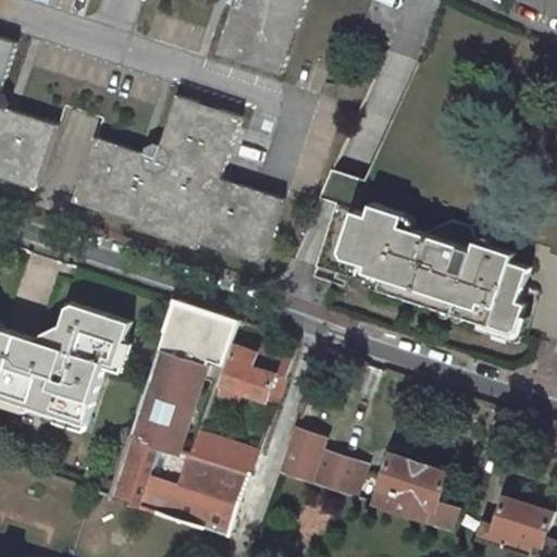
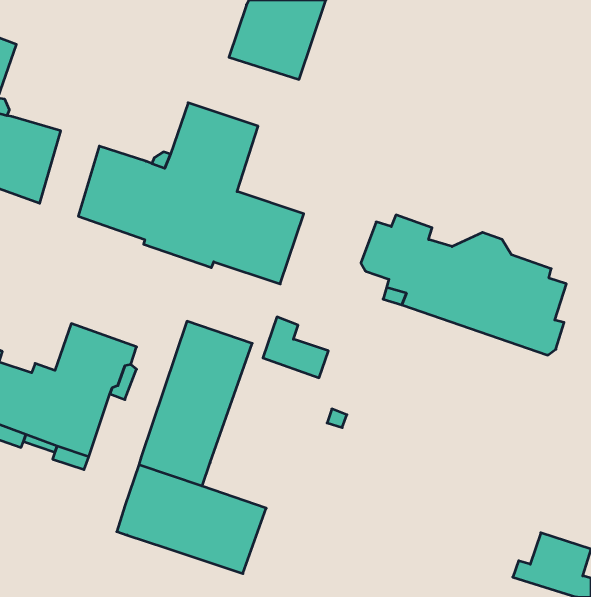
building: [221,345,282,401] -> [263,317,328,378]
building: [277,426,364,496] -> none
building: [188,431,256,473] -> none
building: [369,453,457,528] -> none

